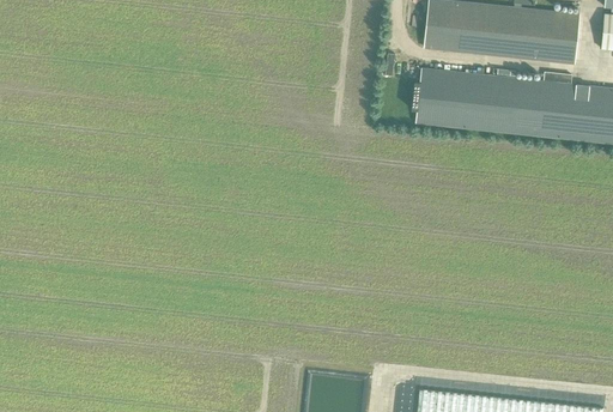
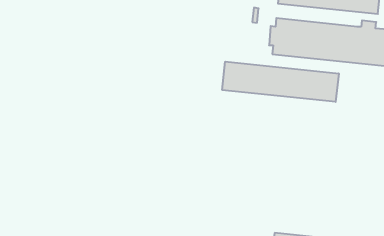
building: none -> [222,62,339,102]

